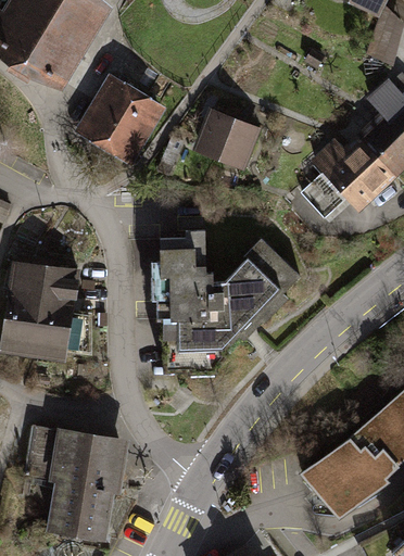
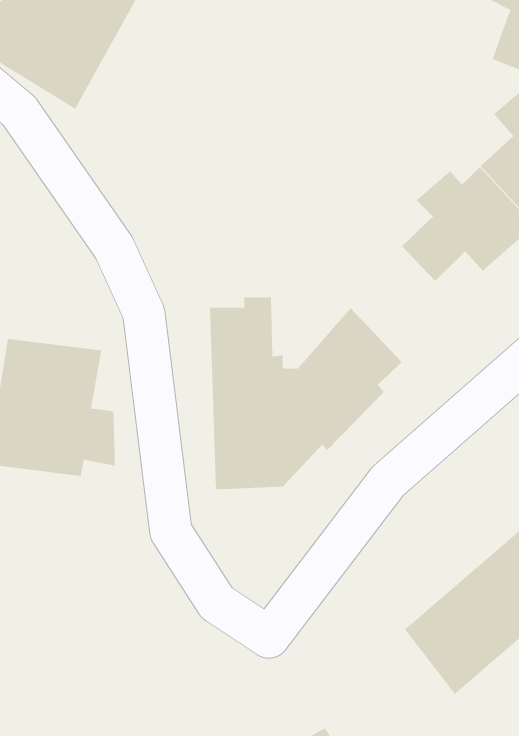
building: [74,73,165,165] -> none
building: [190,106,262,169] -> none
building: [24,424,127,540] -> none

